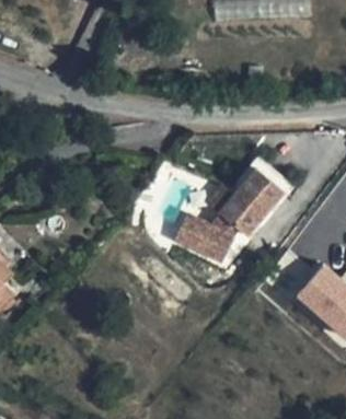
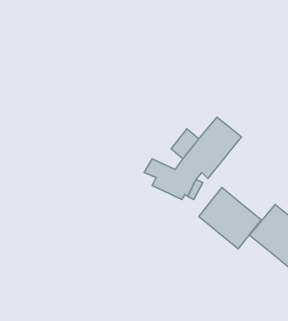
building: none -> [199,188,261,249]

